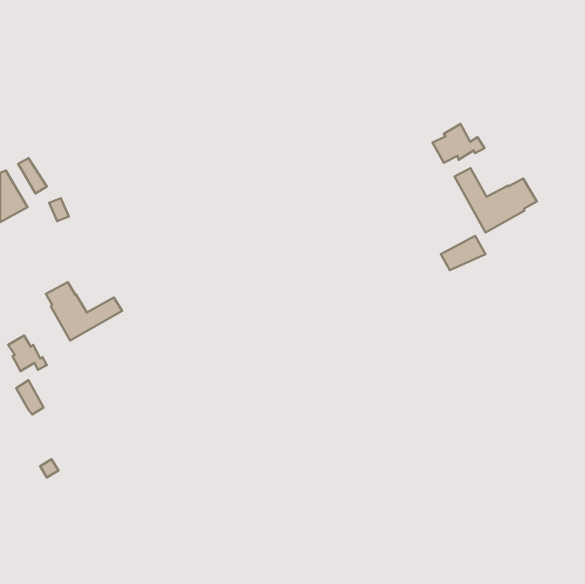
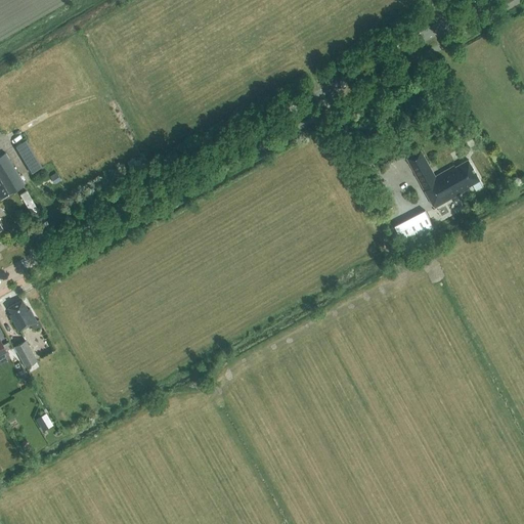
building: [433,124,484,163] -> none
building: [46,282,122,341] -> none

